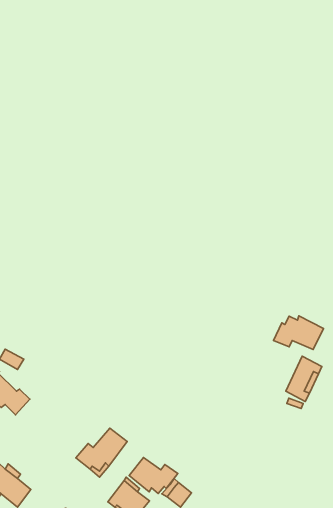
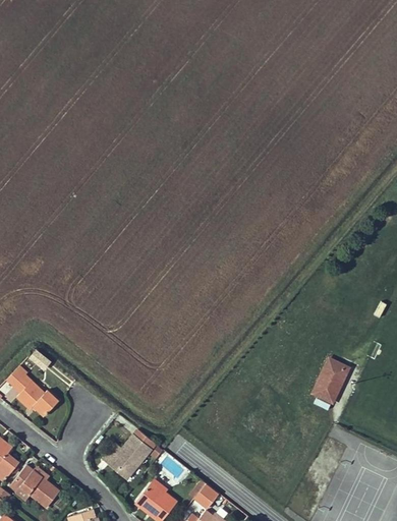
building: [273,316,324,350] -> none
building: [129,457,178,493] -> none

